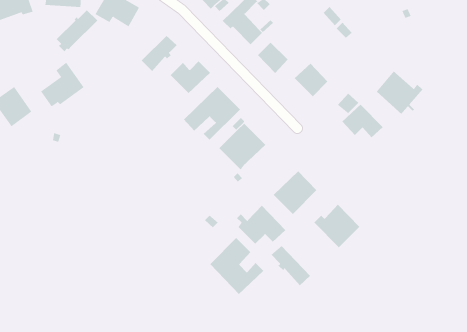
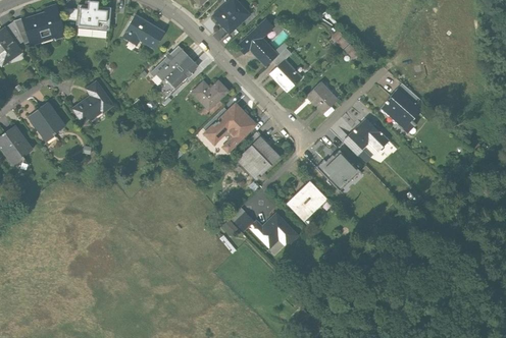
building: [56,9,98,53] -> [150,46,189,86]
building: [313,204,360,248] -> [317,149,360,189]
building: [209,237,264,295] -> none
building: [271,245,311,286] -> none

